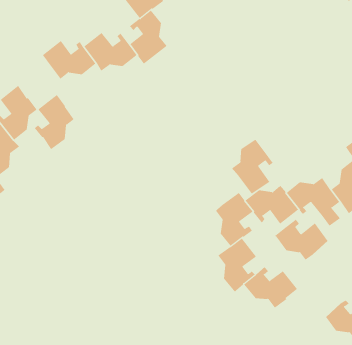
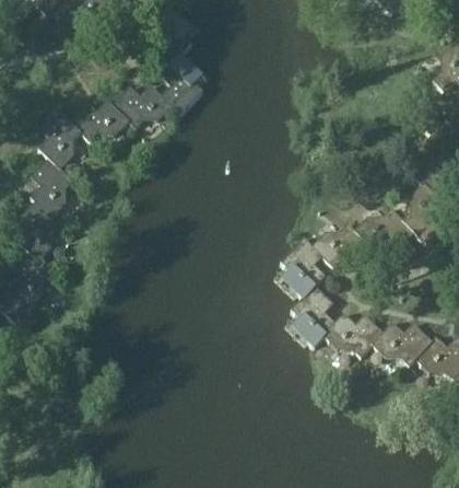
building: [34,94,75,150] -> [38,108,81,170]
building: [231,138,273,195] -> none
building: [275,219,329,261] -> [372,323,431,367]

